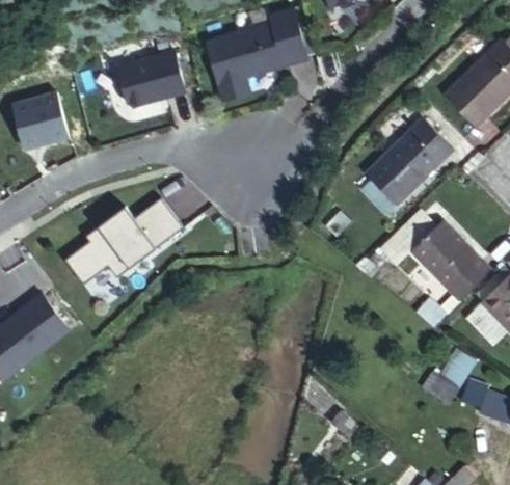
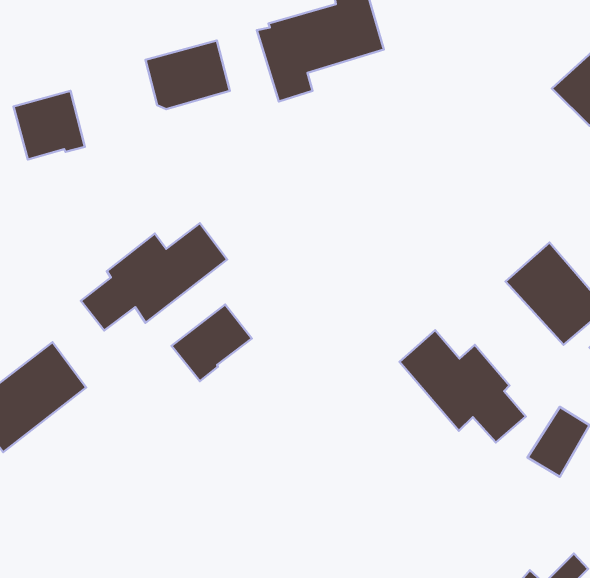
building: [364,110,450,195] -> none
building: none -> [171,304,252,381]
building: none -> [399,330,526,442]

